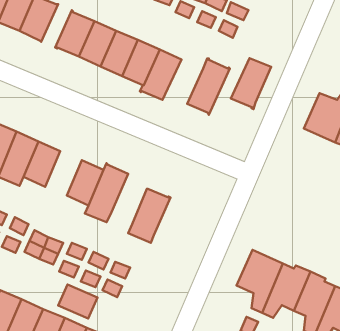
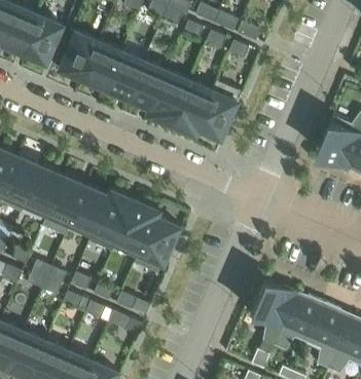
building: [231,58,271,109] -> [171,81,213,135]
building: none -> [43,177,86,234]
building: none -> [116,200,158,253]
building: [58,285,97,318] -> none

